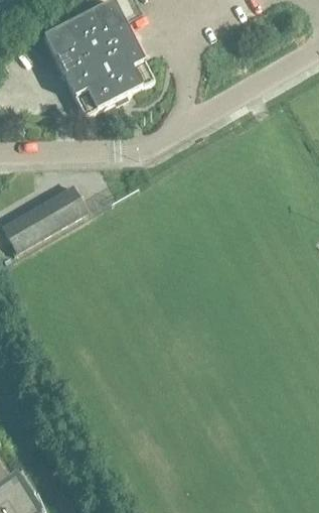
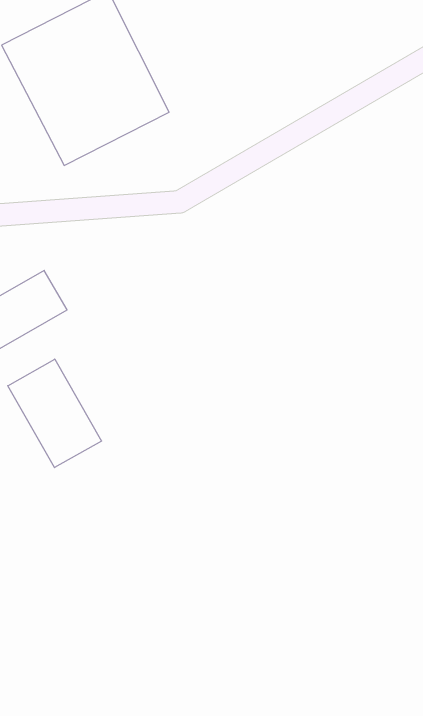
building: none -> [8,359,102,468]

